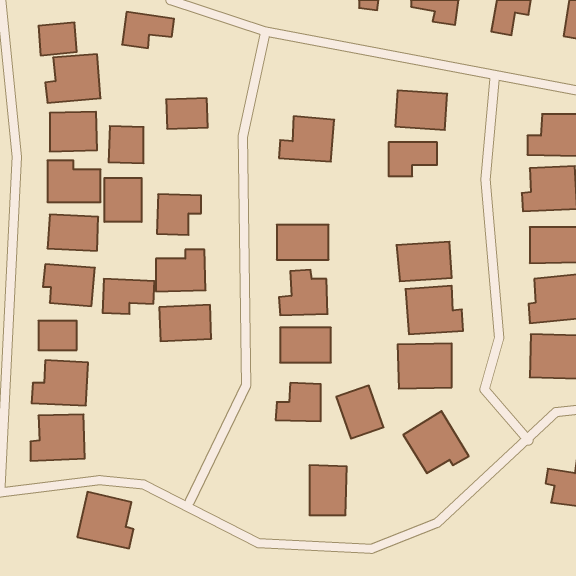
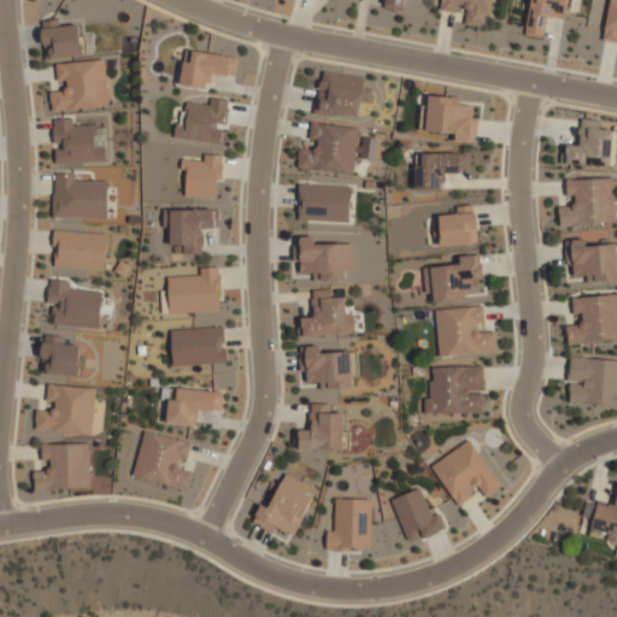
building: [122,12,174,48] -> [181,51,236,89]
building: none -> [317,74,371,121]
building: [109,126,144,163] -> [183,158,221,198]
building: none -> [299,187,348,219]
building: [104,178,142,222] -> none
building: none -> [439,204,478,246]
building: [103,279,155,314] -> [168,388,223,425]
building: [336,386,384,439] -> [392,487,442,543]
building: none -> [253,474,317,539]
building: [77,492,134,548] -> [133,431,193,492]

